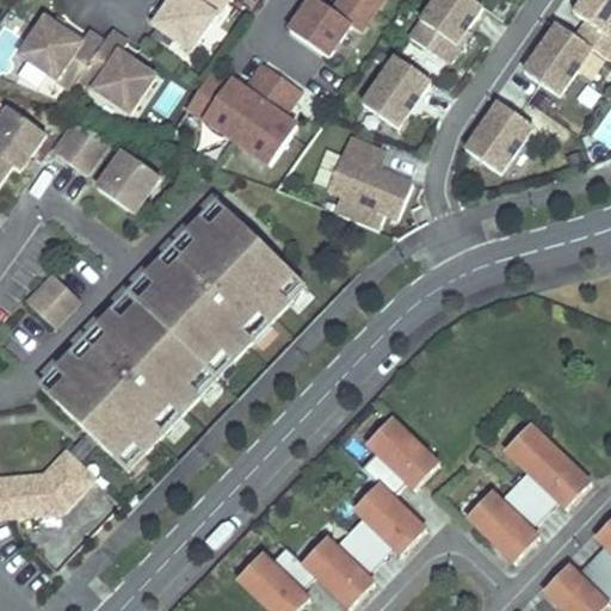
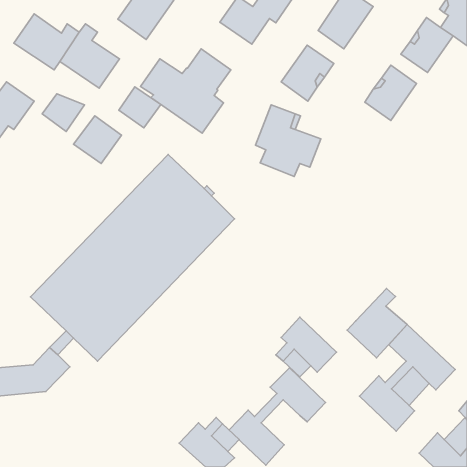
building: none -> [119,87,161,128]
building: [30,274,79,325] -> none
building: none -> [347,288,407,358]
building: [339,519,389,569] -> none

